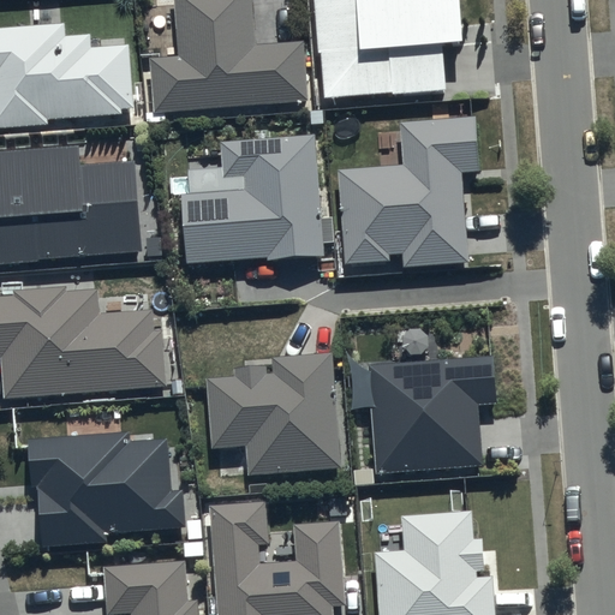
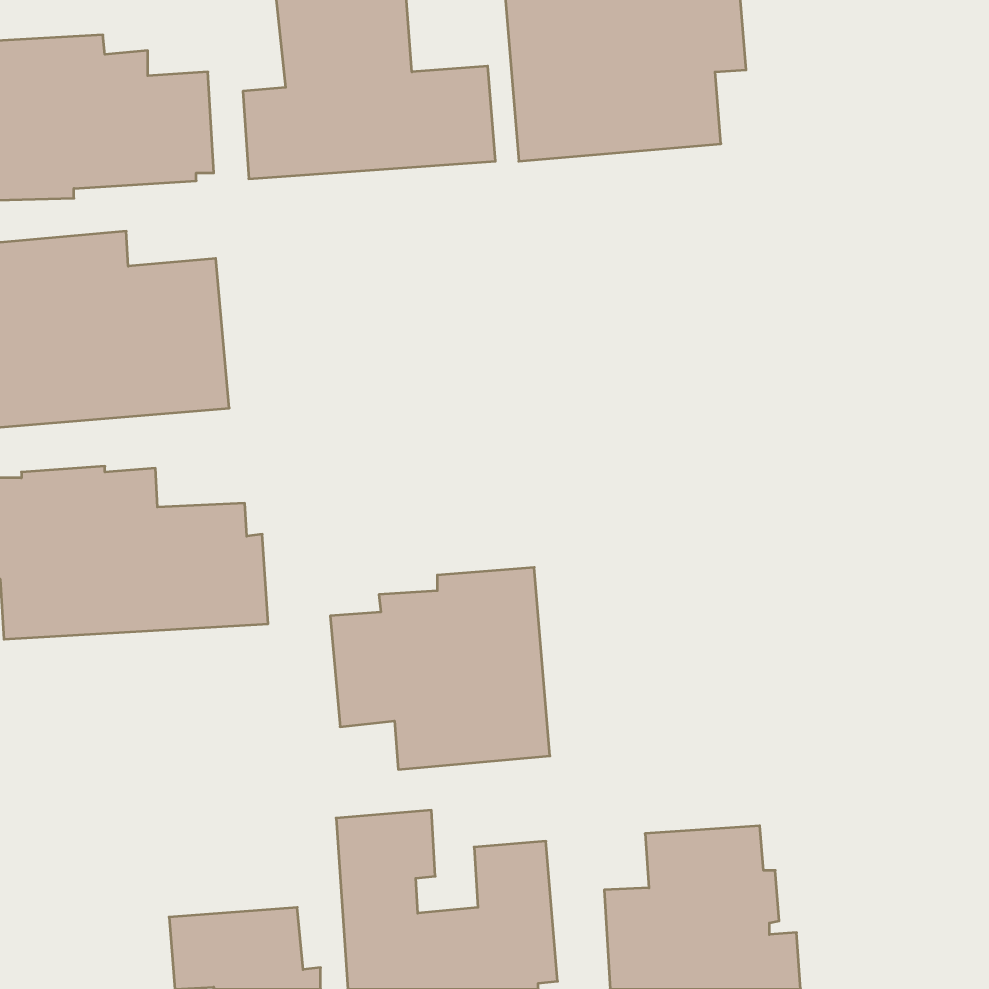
building: [338,117,477,267] -> none
building: [180,133,323,262] -> none
building: [368,354,496,473] -> none
building: [25,431,186,549] -> none

